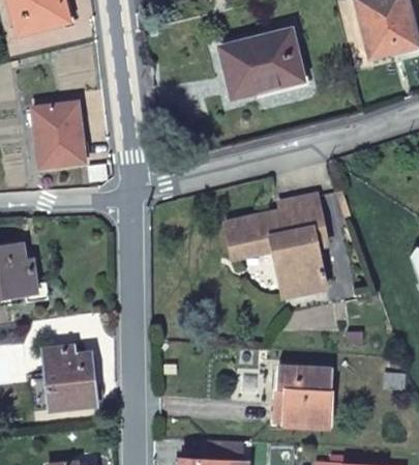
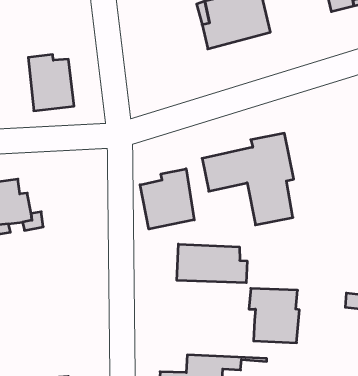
building: none -> [140,169,194,229]
building: none -> [177,244,247,283]
building: [46,345,96,406] -> none

